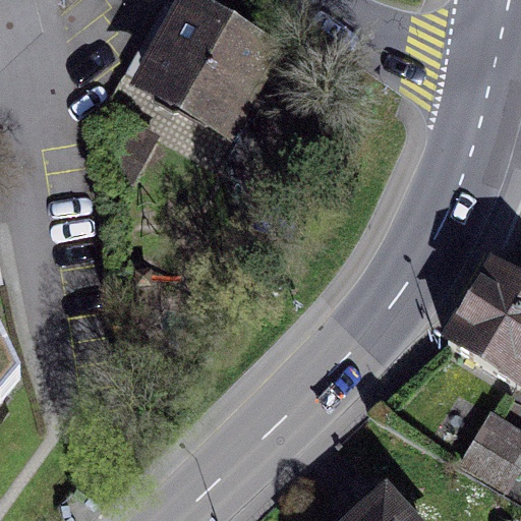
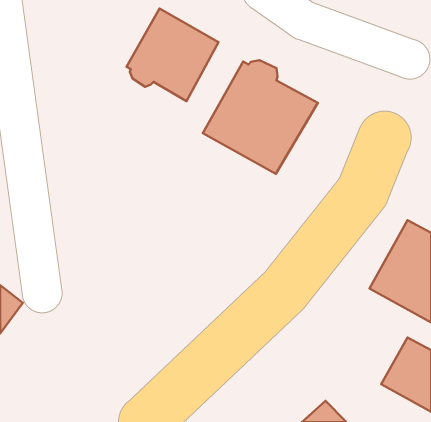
building: none -> [203,60,318,174]

